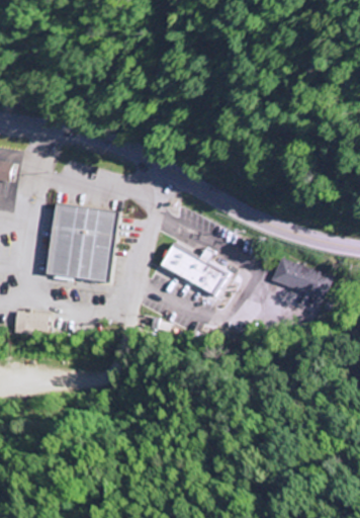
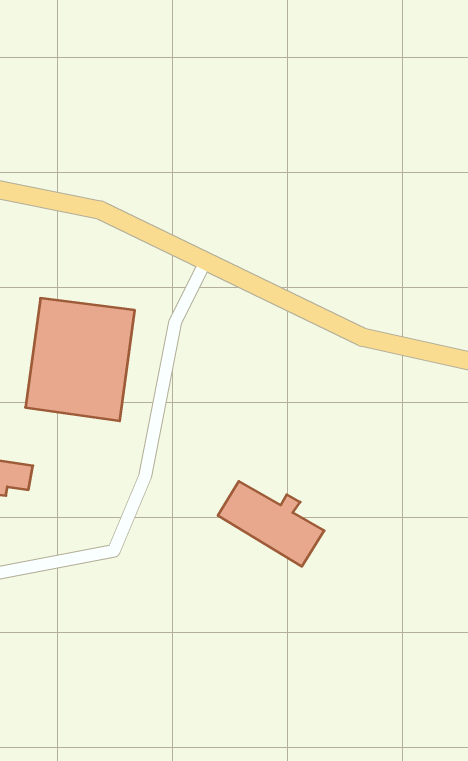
building: [157,240,229,297] -> [218,481,324,566]
building: [269,257,329,299] -> none

